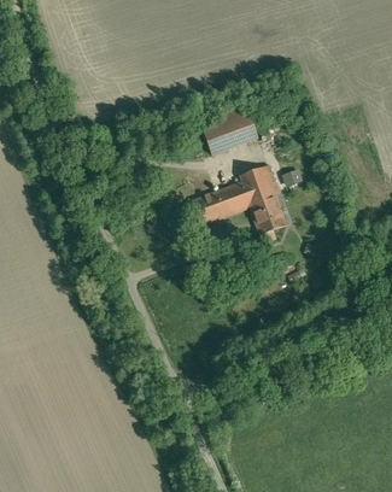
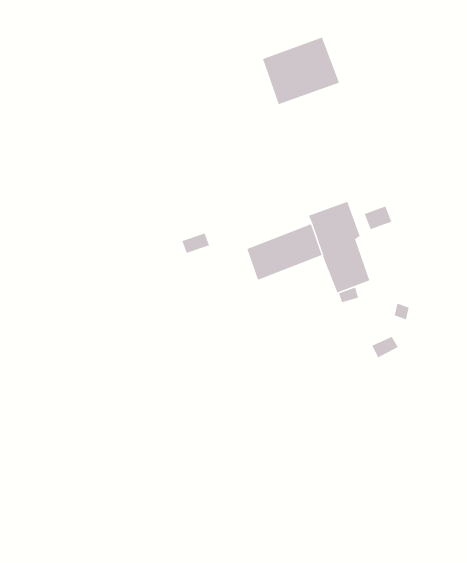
building: [199,104,258,156] -> [262,37,340,105]

